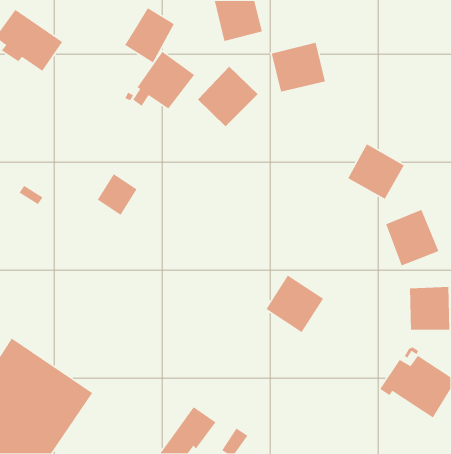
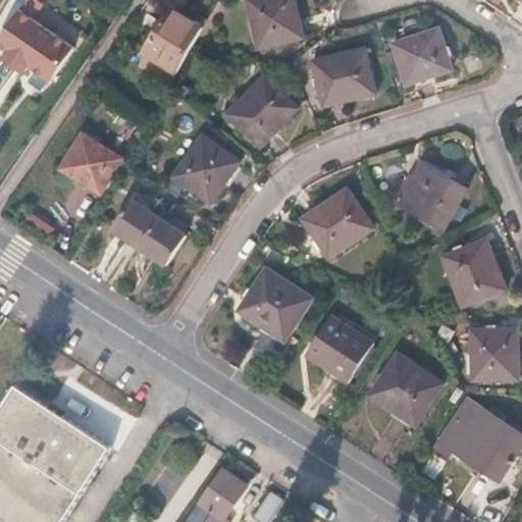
building: none -> [392,29,451,84]
building: [132,51,195,110] -> [166,135,239,202]
building: none -> [59,133,121,194]
building: none -> [302,189,371,257]
building: none -> [139,217,186,265]
building: none -> [238,268,311,341]
building: none -> [369,354,442,425]

